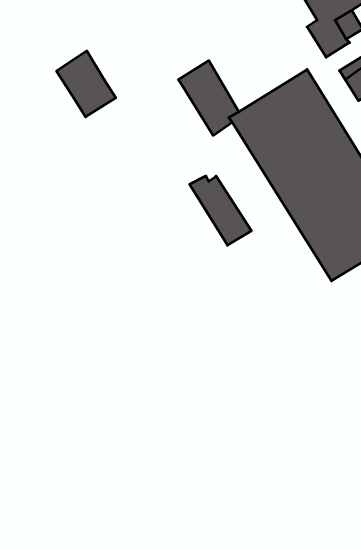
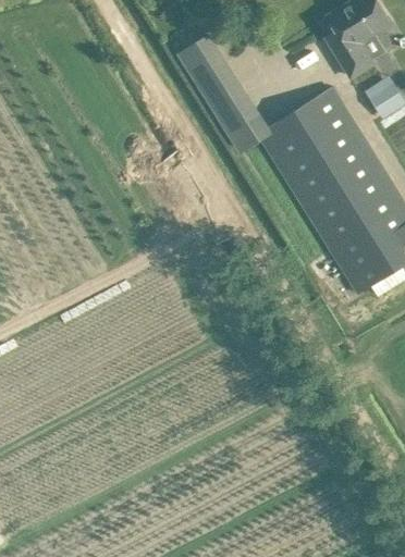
building: [57,51,116,117] -> [179,33,236,97]
building: [190,176,251,245] -> none

